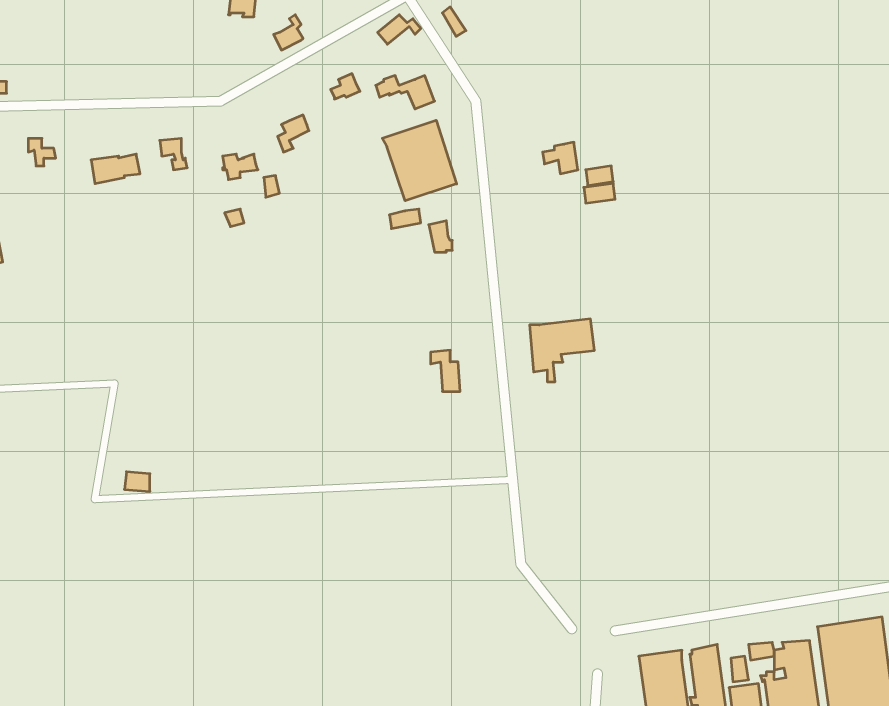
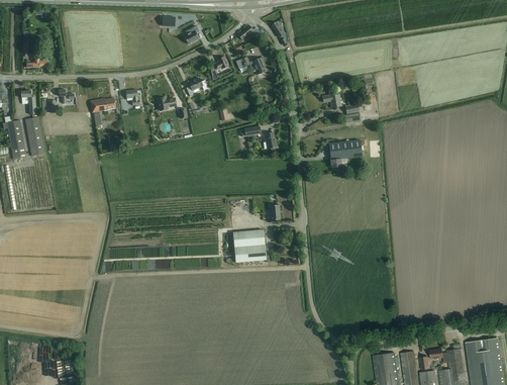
building: [382,120,457,201] -> none
building: [530,319,594,382] -> [329,139,363,172]
building: none -> [233,228,267,262]

